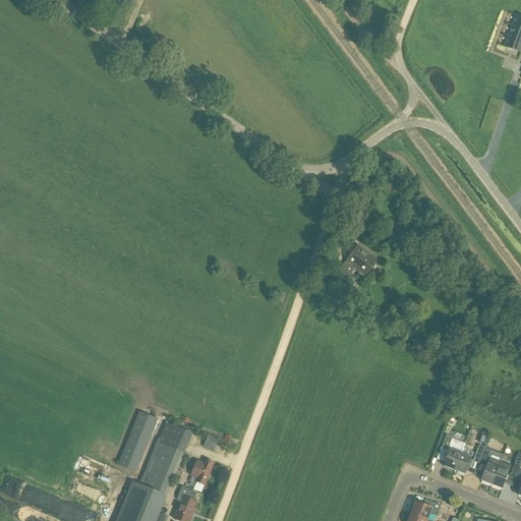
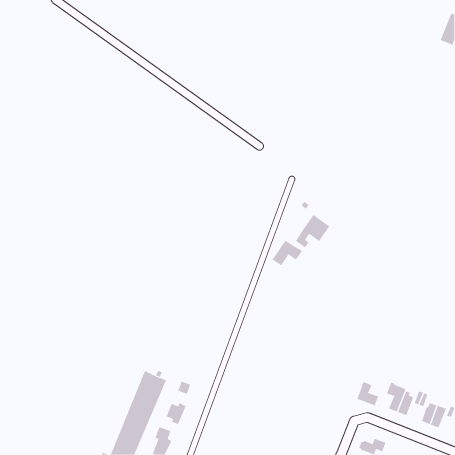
building: none -> [272,240,303,266]
building: [118,412,156,471] -> none
building: none -> [357,381,379,406]

